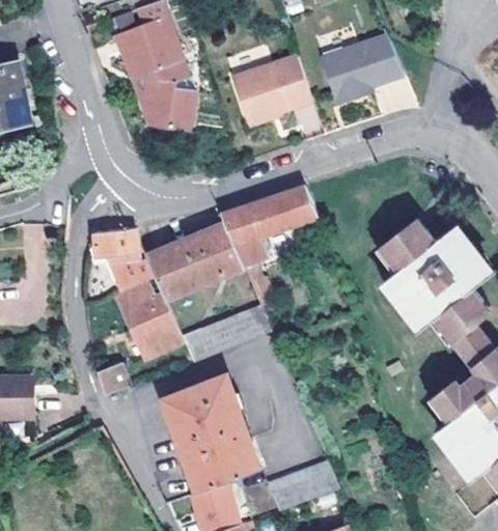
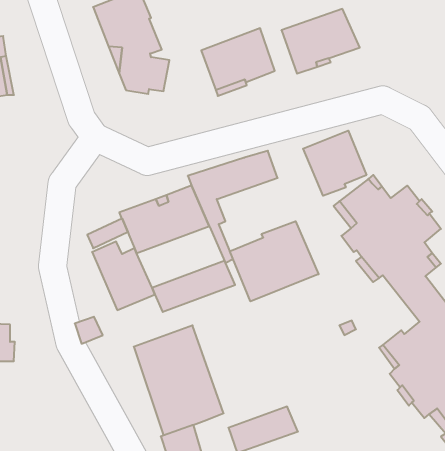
building: none -> [303,131,366,196]
building: [92,228,147,266] -> none
building: none -> [230,221,319,301]

